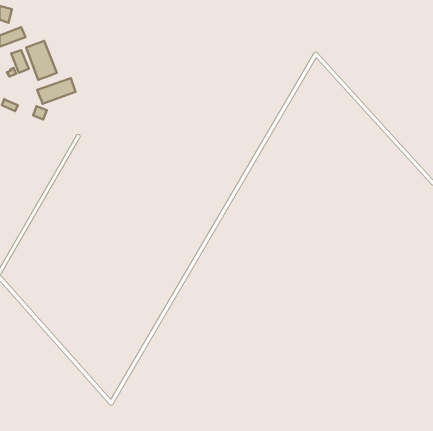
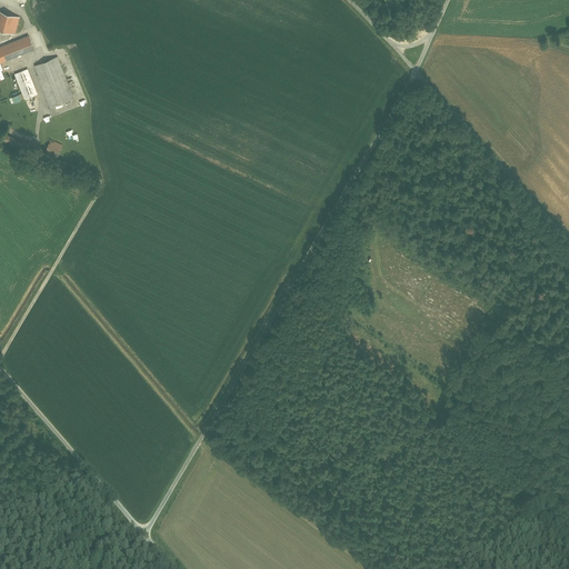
building: [37,78,75,104] -> none

